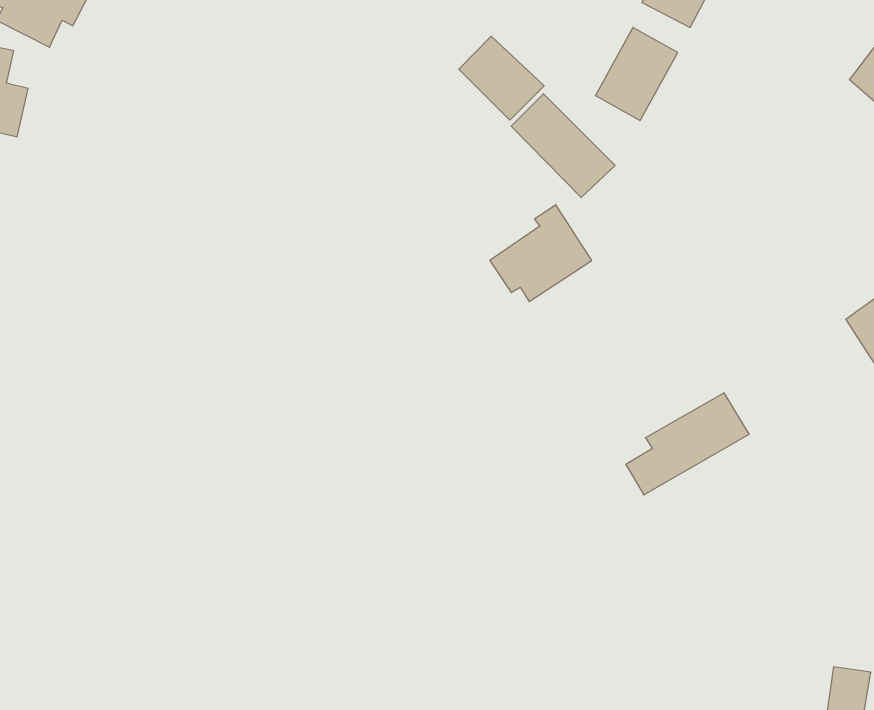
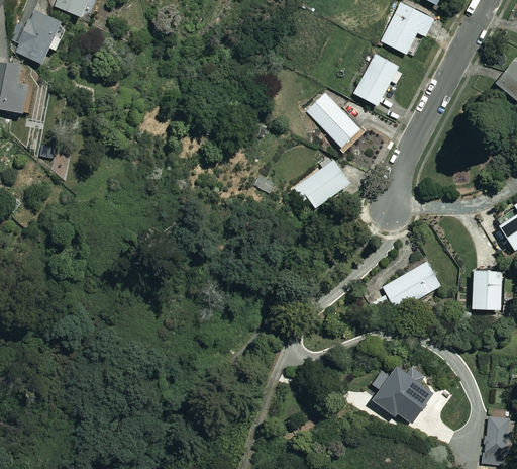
building: [459,36,544,120] -> none
building: none -> [473,271,503,309]
building: none -> [373,366,435,424]

